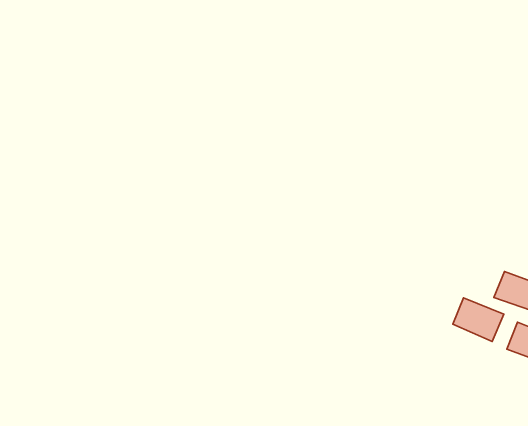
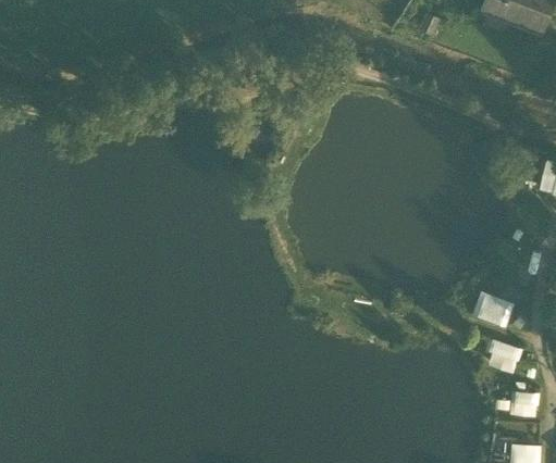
building: [453,298,504,342] -> none

